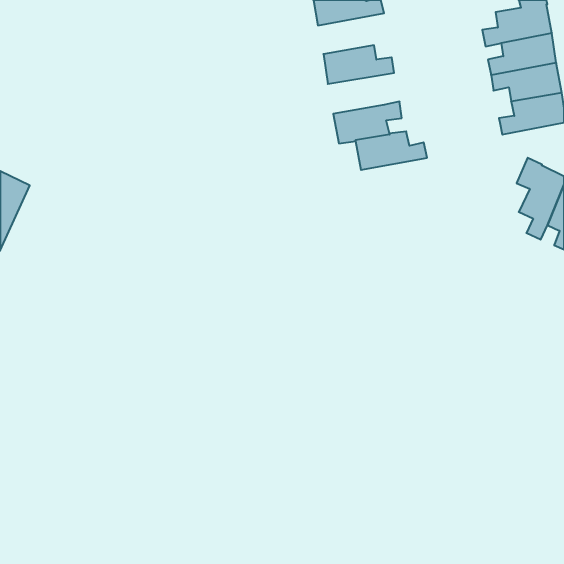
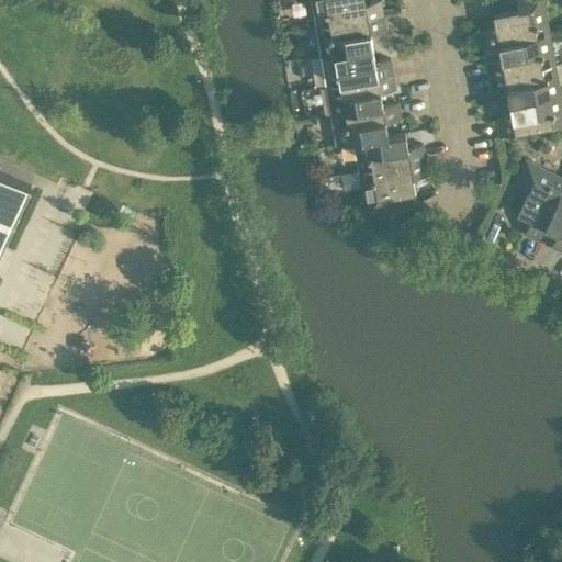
building: none -> [316,13,384,54]
building: none -> [326,72,394,113]
building: none -> [359,157,427,213]

